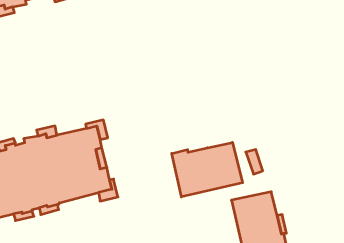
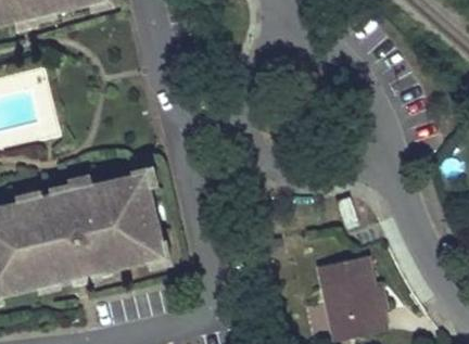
building: [172,142,243,197] -> none

